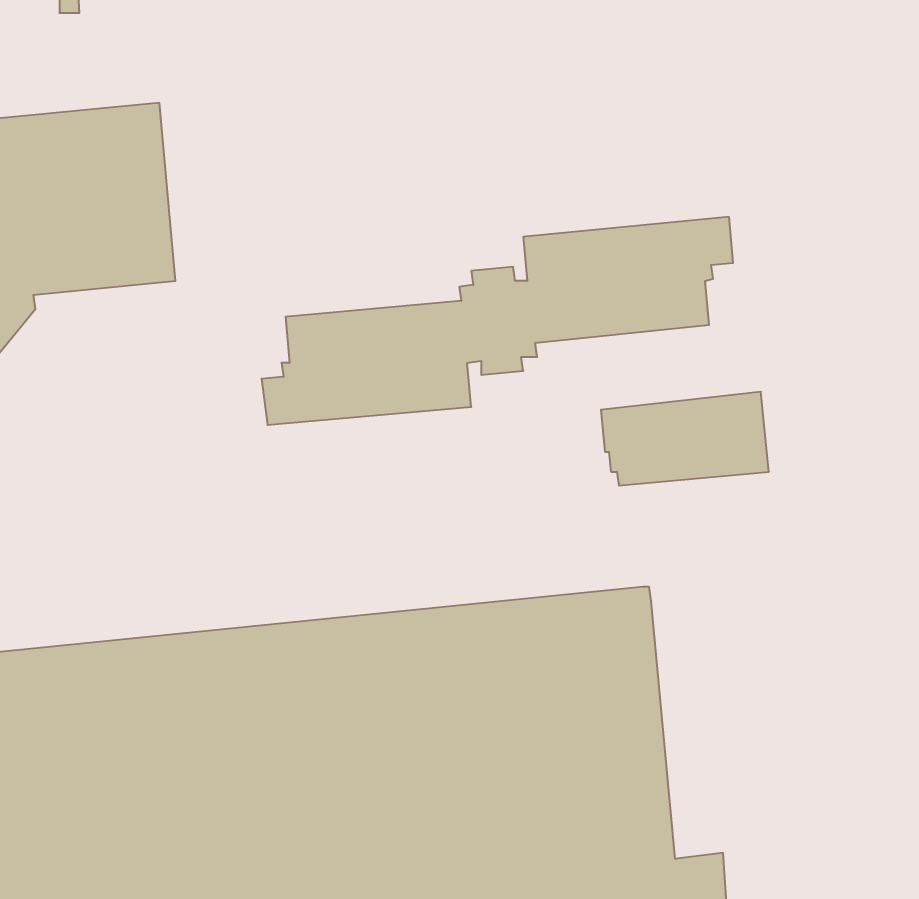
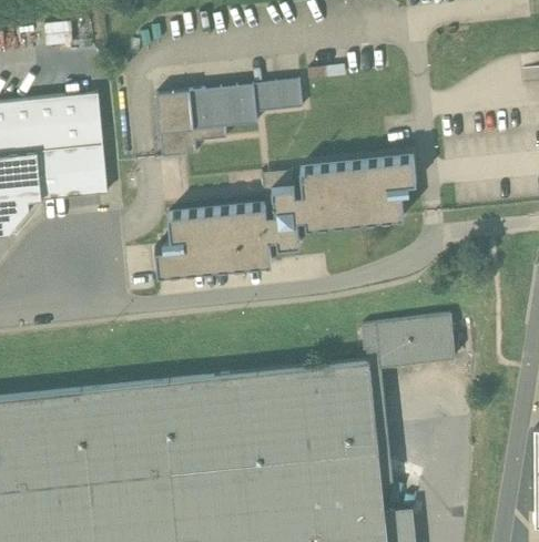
building: none -> [155,79,303,154]
building: [601,392,769,486] -> [360,317,454,369]

